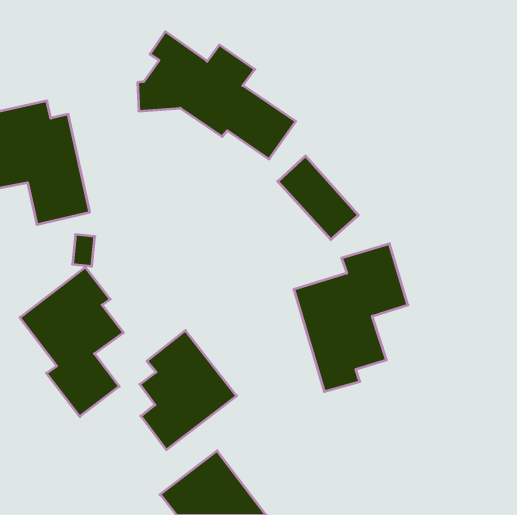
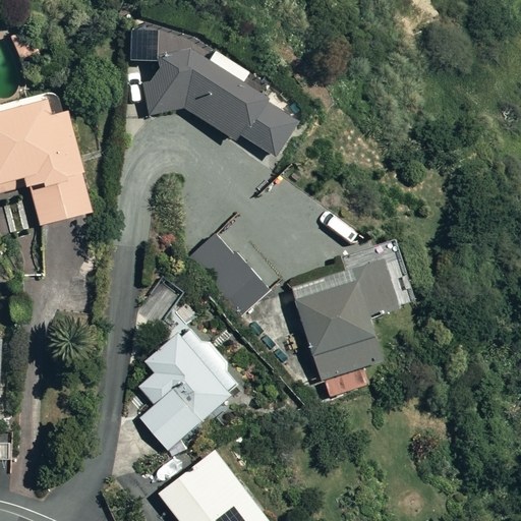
building: [278,156,358,240] -> [185,228,266,311]
building: [20,267,123,417] -> none

